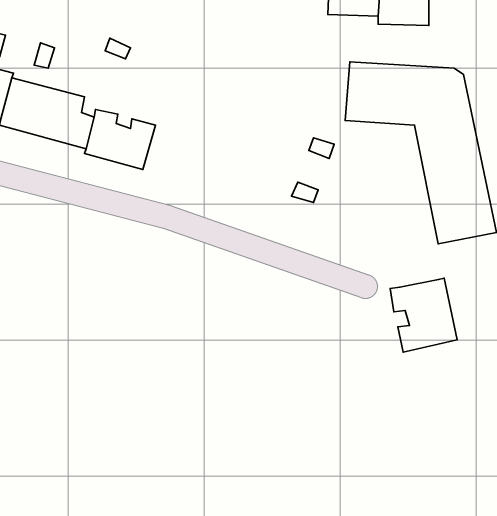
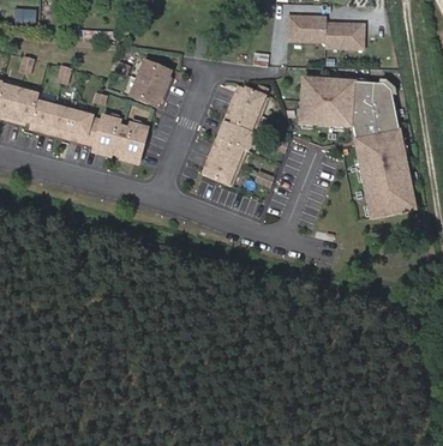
building: none -> [130,59,175,107]
building: none -> [208,89,269,185]
building: [390,278,457,352] -> none

